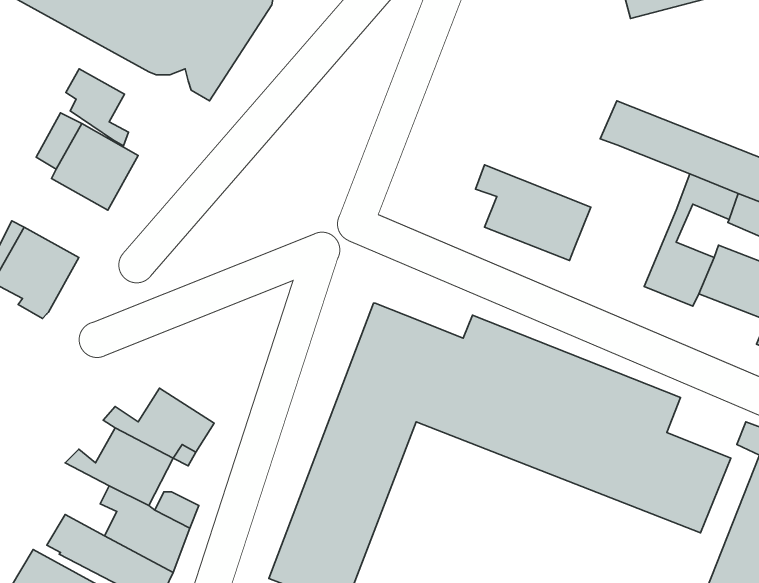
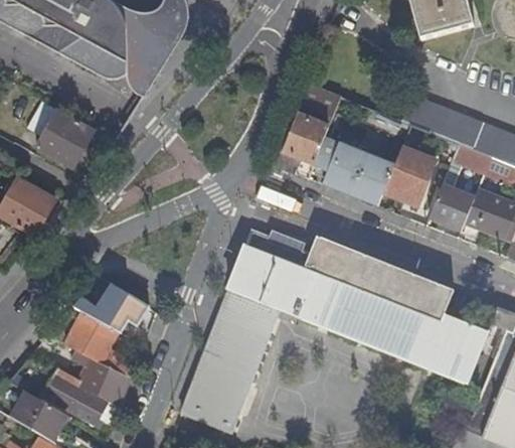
building: [66,69,128,146] -> none
building: none -> [277,82,342,177]
building: none -> [384,124,461,205]

